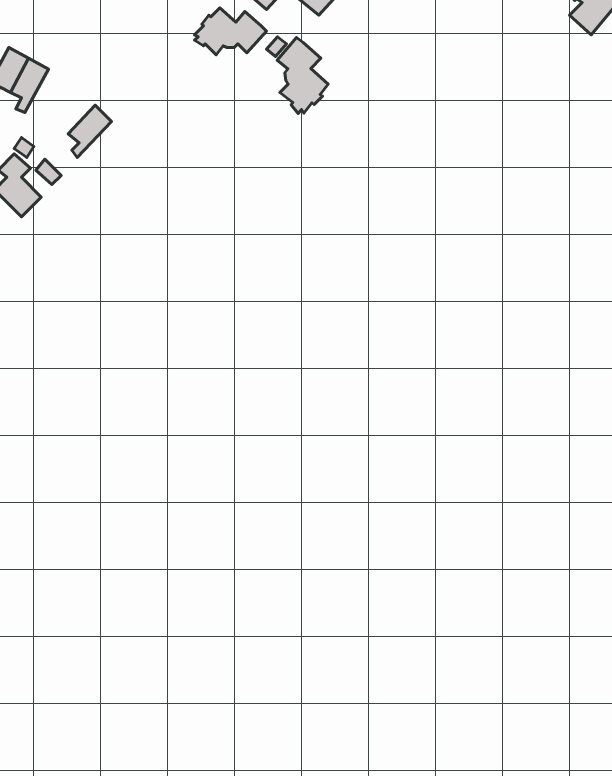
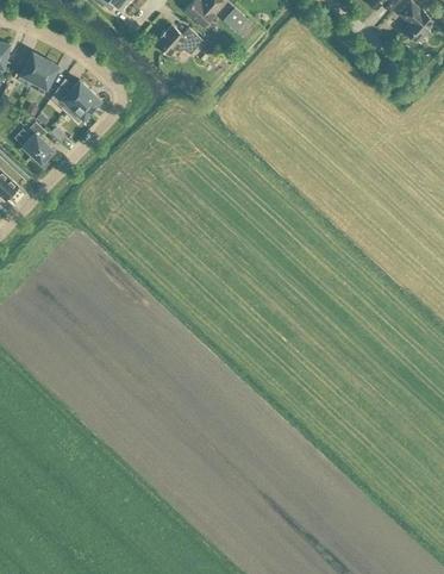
building: [277,37,328,114] -> none
building: none -> [49,79,88,107]

